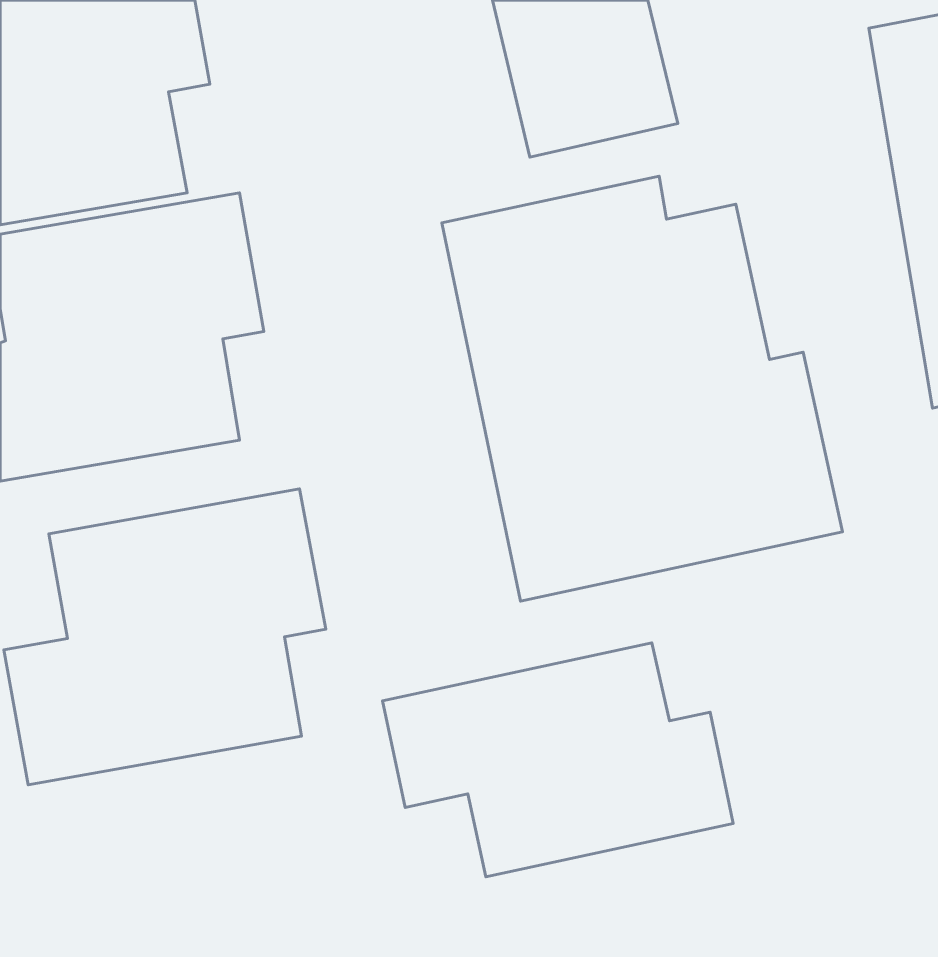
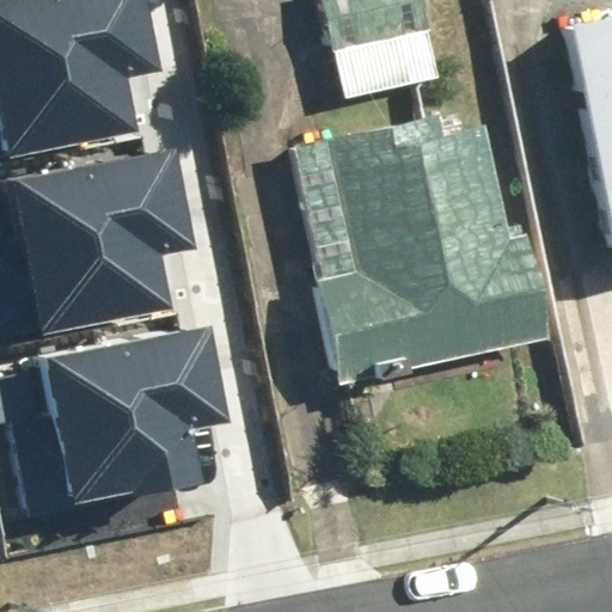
building: [382,643,733,877] -> none

